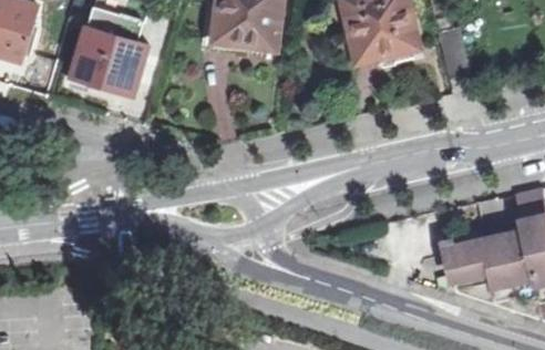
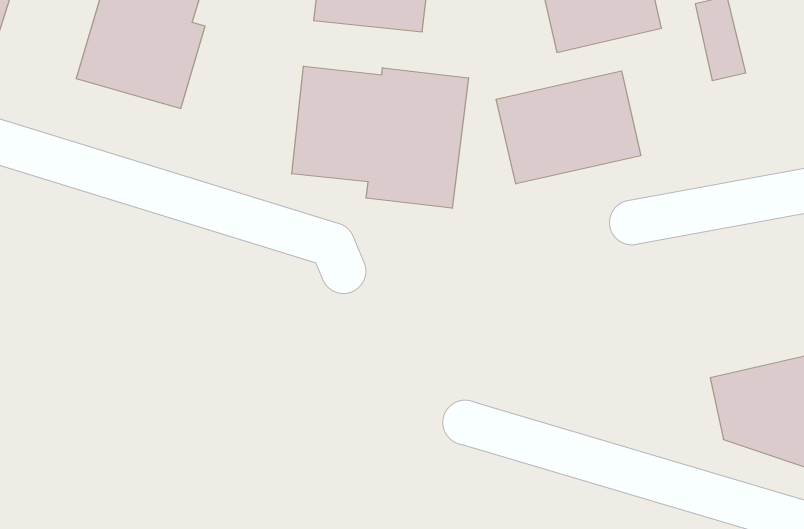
building: none -> [292,66,468,208]
building: none -> [496,71,641,184]

